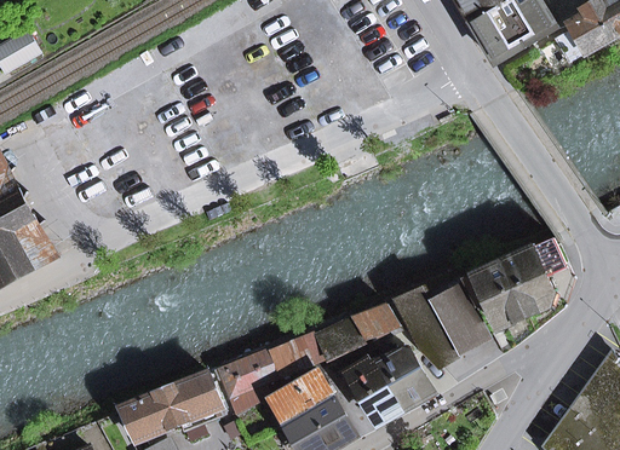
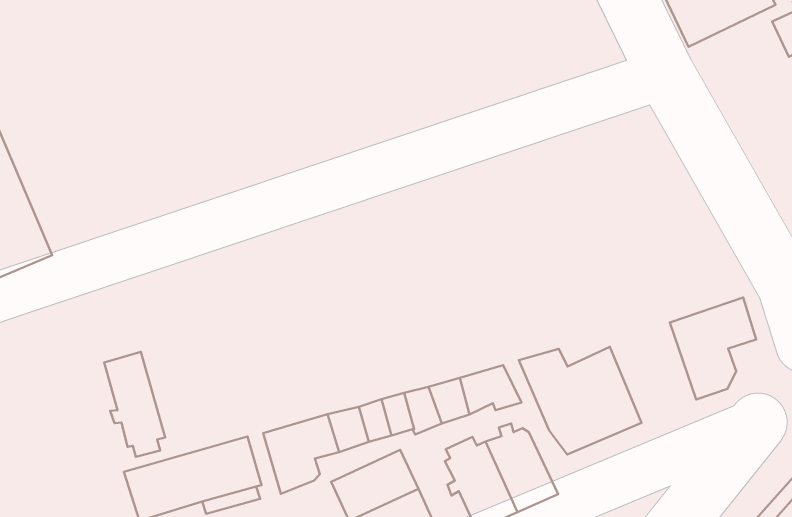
building: [464,260,527,327] -> none
building: none -> [104,352,165,457]

